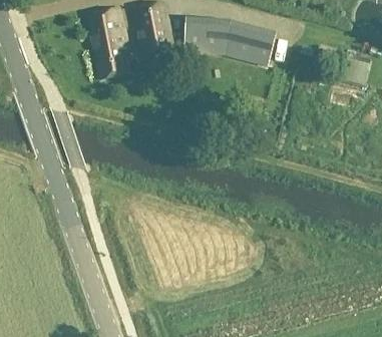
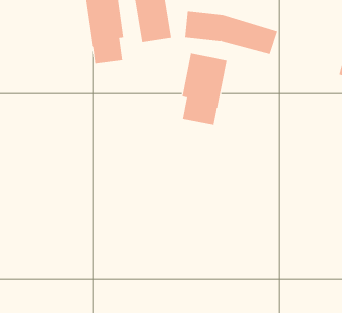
building: none -> [182,53,228,126]

